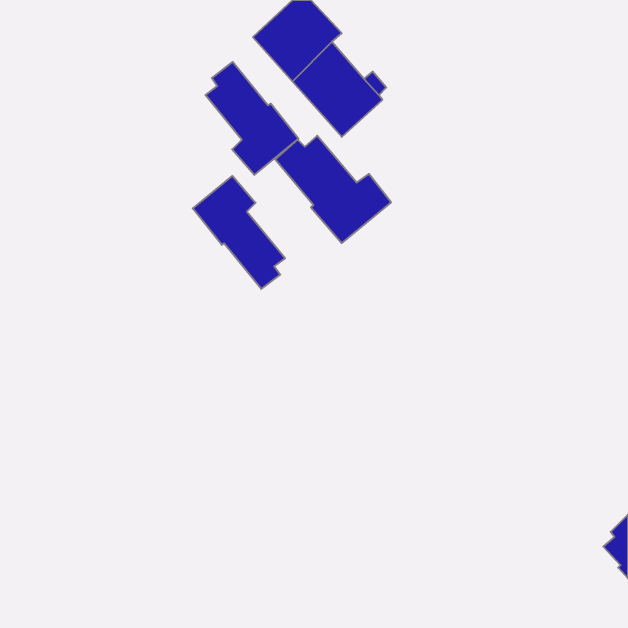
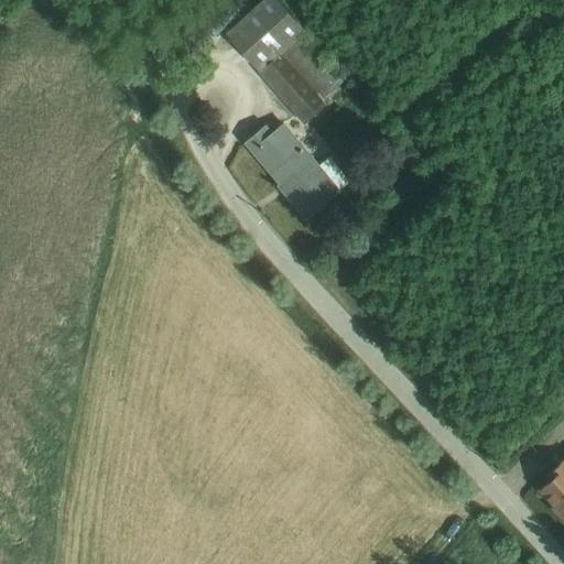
building: [205,62,298,175] -> none
building: [193,176,285,289] -> none

